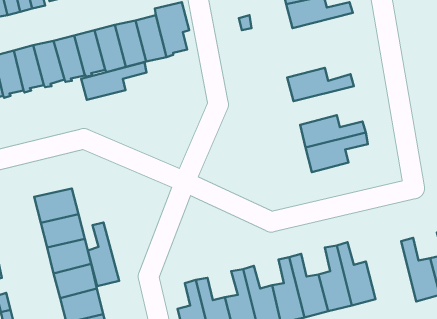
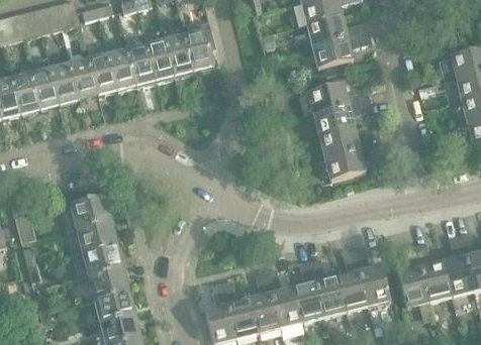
building: none -> [312,32,371,70]
building: [81,62,147,100] -> none
building: none -> [313,101,373,137]
building: [88,222,119,286] -> none
building: none -> [397,246,428,308]

